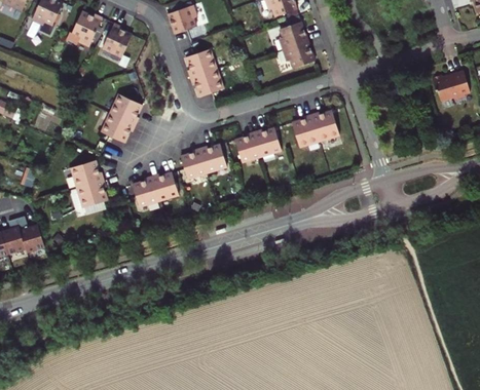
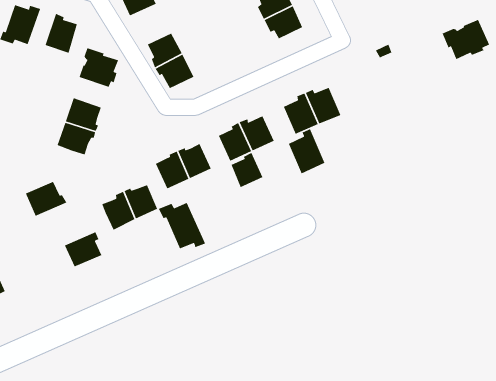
building: none -> [79,47,119,88]
building: none -> [288,128,326,175]
building: none -> [230,152,264,188]
building: [77,180,108,207] -> [64,231,103,268]
building: none -> [158,202,206,249]

